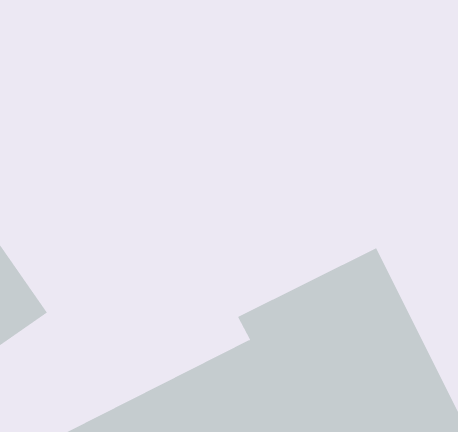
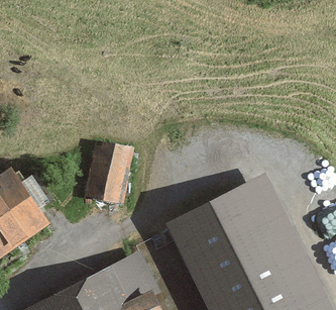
building: none -> [89,140,130,198]

